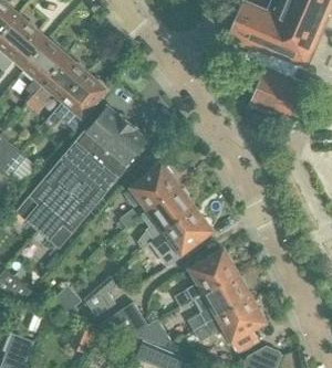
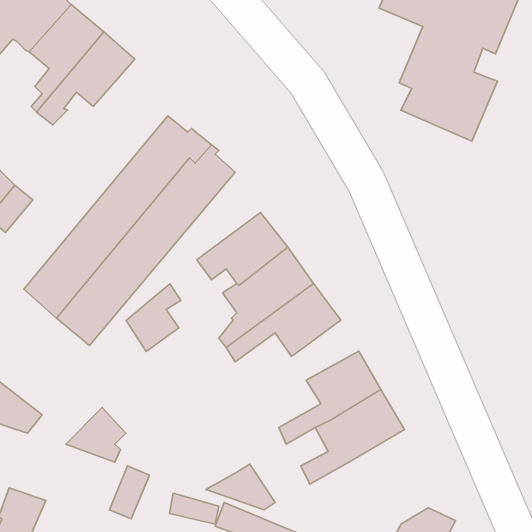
building: [46,73,106,128] -> none
building: [83,276,116,317] -> [126,284,181,351]
building: [181,297,263,351] -> none
building: [108,302,147,334] -> none

